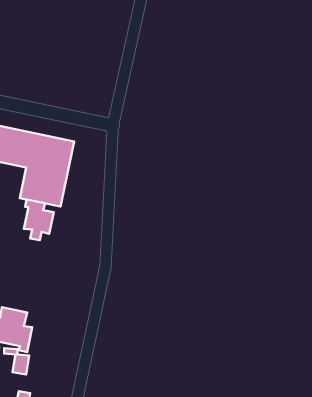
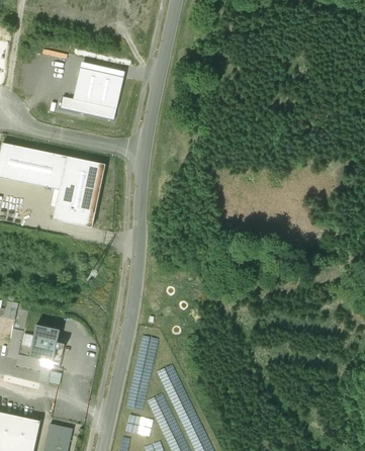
building: none -> [60,67,123,119]
building: [24,199,54,240] -> none

